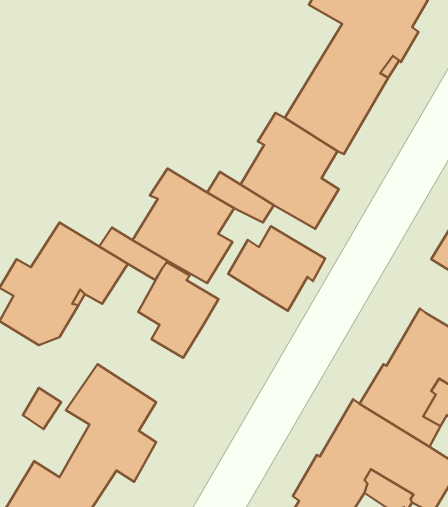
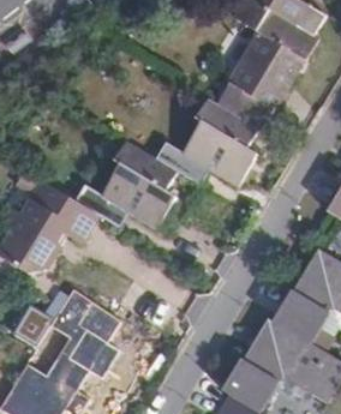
building: [228,226,325,311] -> none
building: [138,262,218,358] -> none

